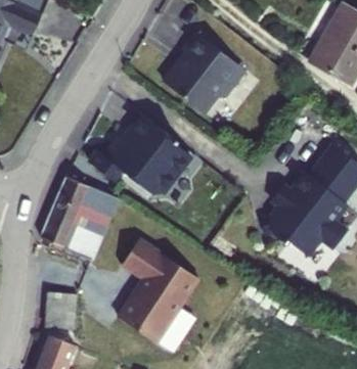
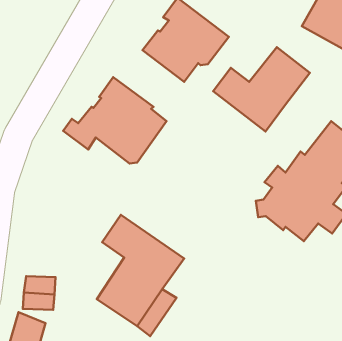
building: none -> [213,47,310,131]
building: [41,178,117,261] -> none

